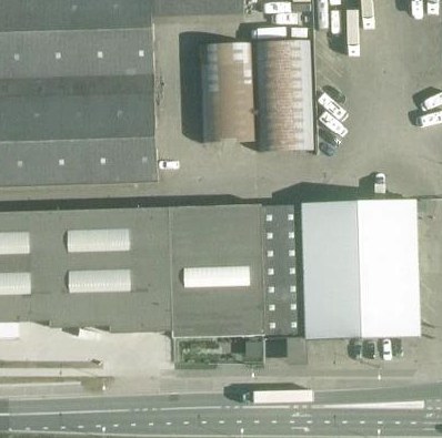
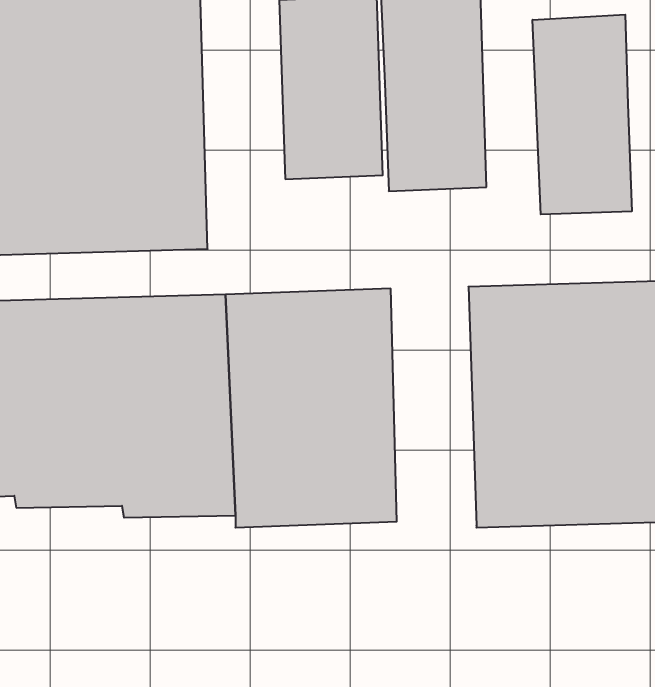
building: none -> [533,15,632,214]
building: [260,203,308,337] -> none

